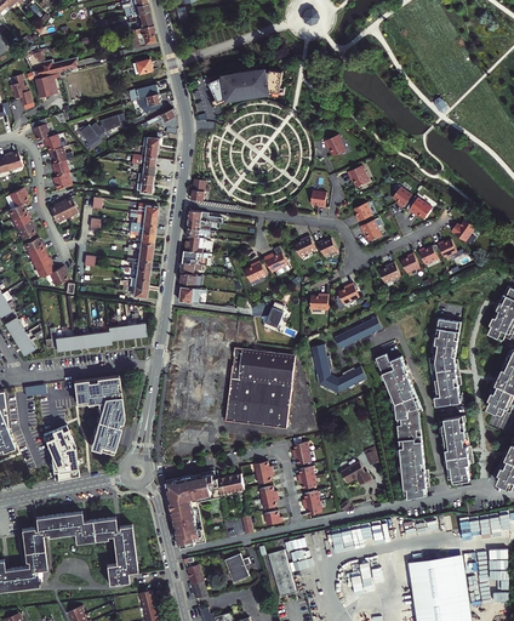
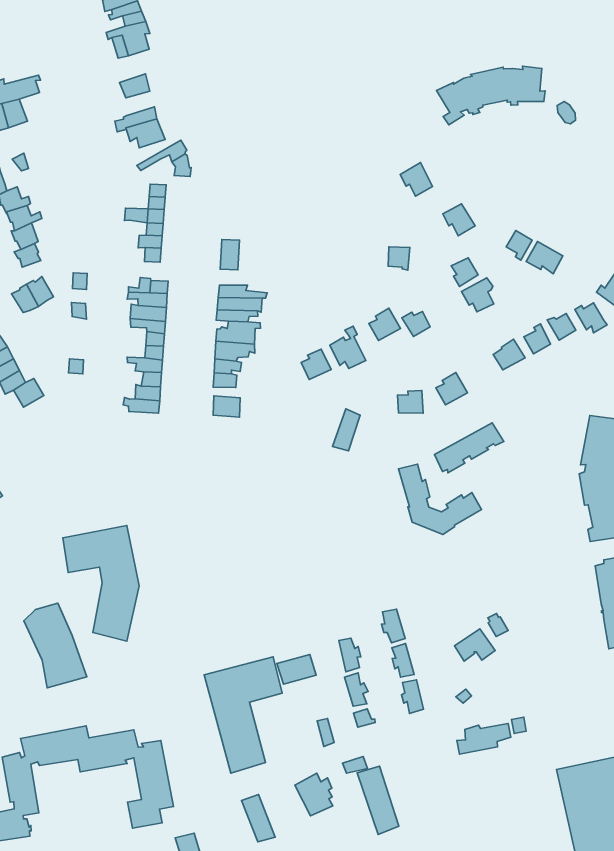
building: [209,69,284,107] -> [436,66,545,125]
building: [76,113,124,143] -> none
building: [47,324,145,351] -> none
building: [224,348,293,428] -> none
building: [371,351,428,495] -> none

